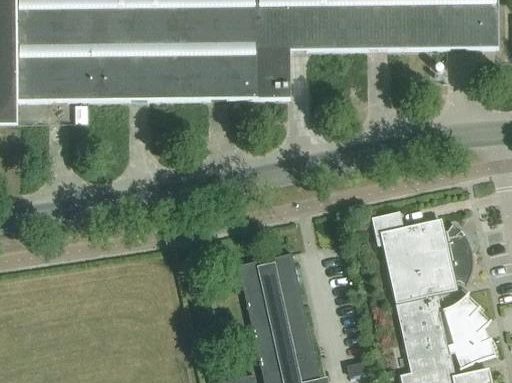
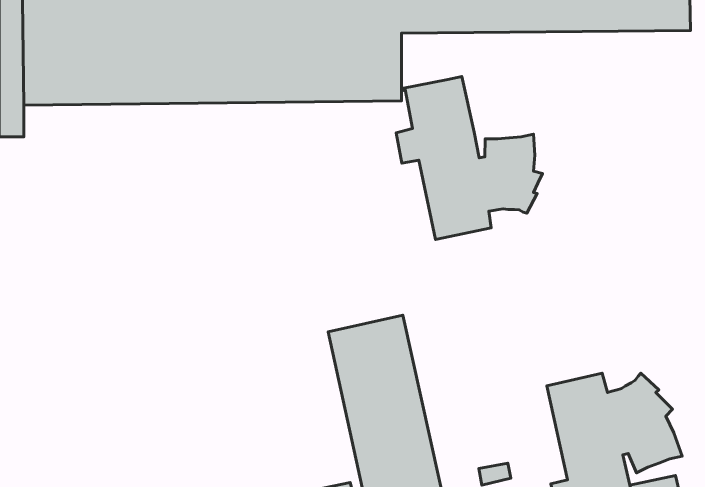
building: none -> [396,76,542,240]
building: [370,211,473,303] -> none

